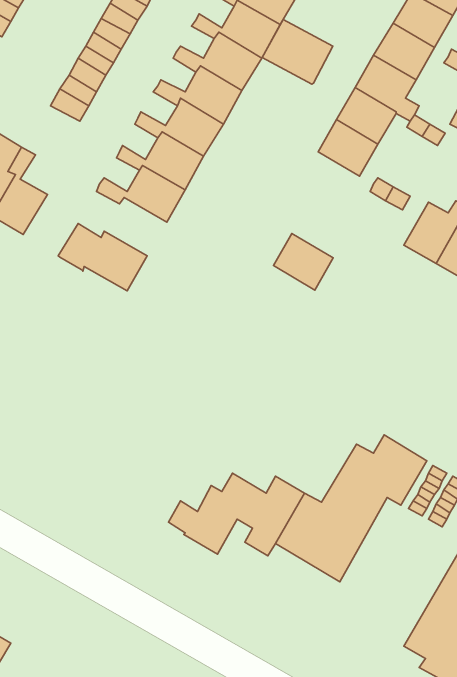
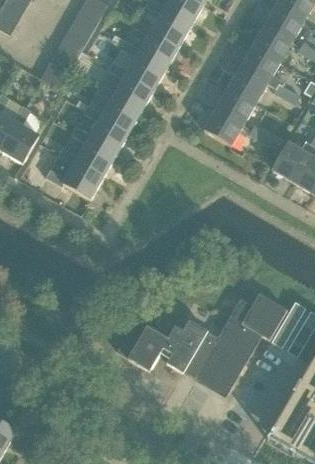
building: [262,19,333,84] -> none
building: none -> [59,139,117,177]
building: [273,233,333,290] -> [204,109,243,146]

